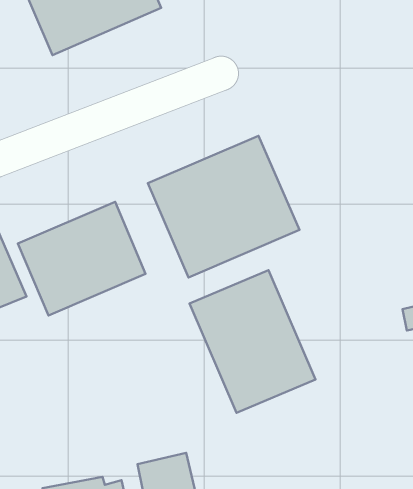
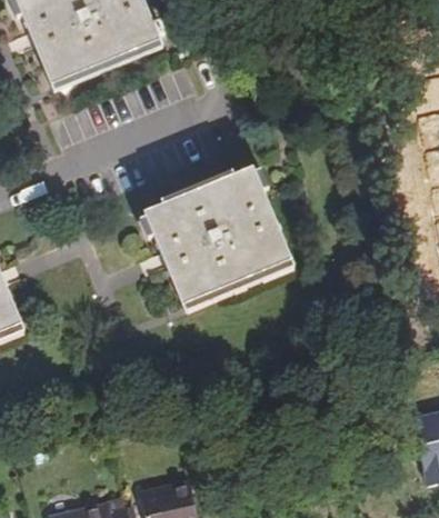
building: [18,202,146,316] -> none
building: [190,270,315,413] -> none

